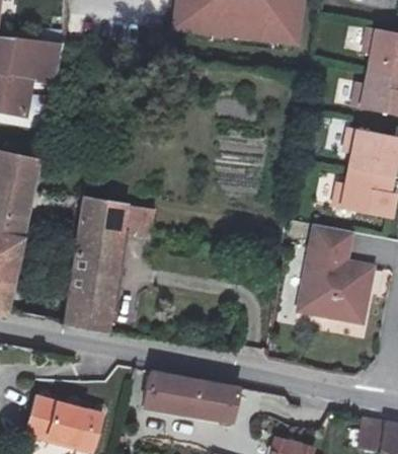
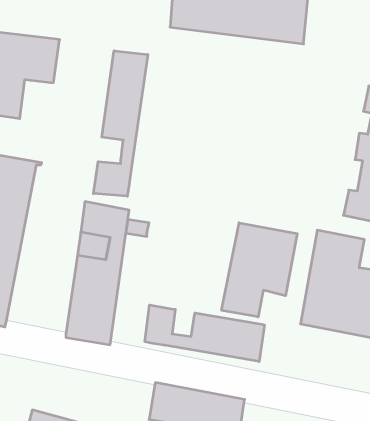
building: none -> [93,51,148,196]
building: none -> [222,223,297,317]
building: none -> [145,305,264,362]

